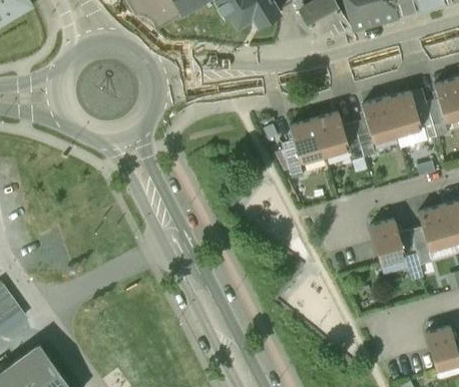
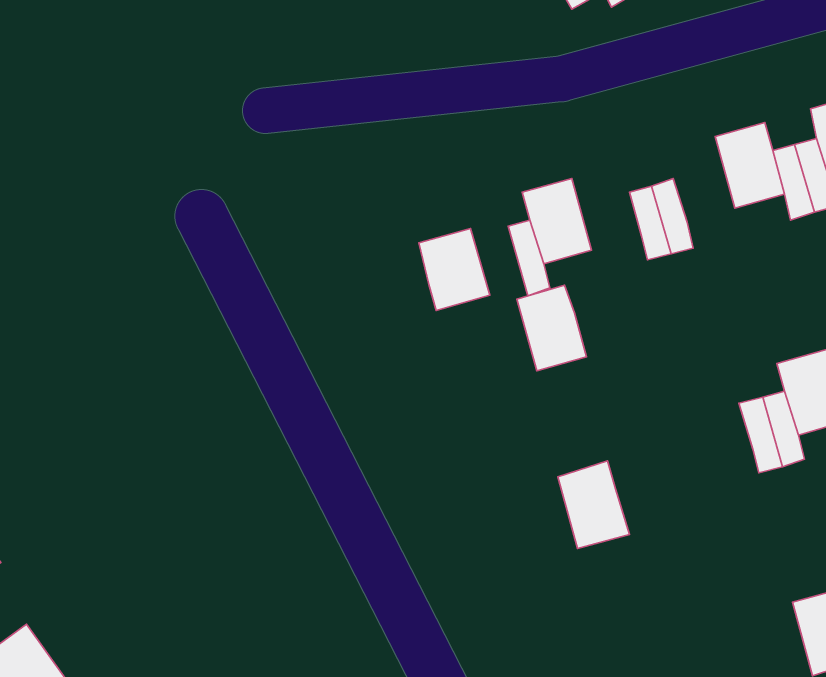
building: [362,98,397,141] -> none
building: [315,112,350,155] -> [517,285,586,371]
building: none -> [419,229,490,311]
building: [370,219,406,263] -> [558,461,629,548]

